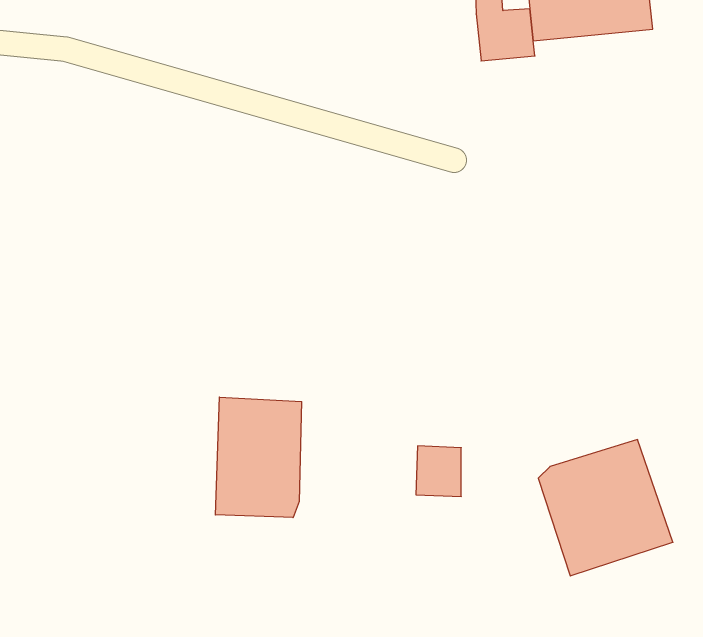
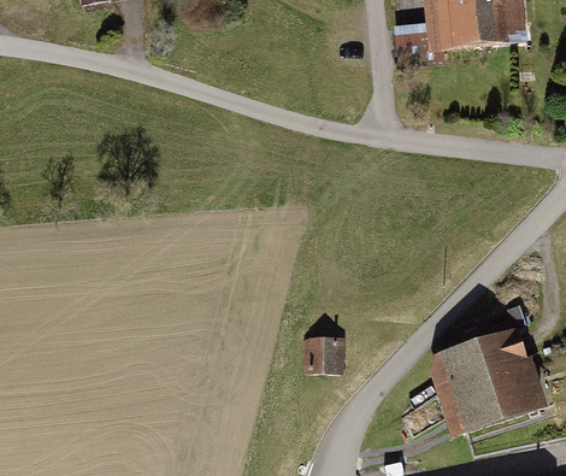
building: [215,397,302,518] -> none
building: [416,446,461,496] -> [306,336,338,372]

